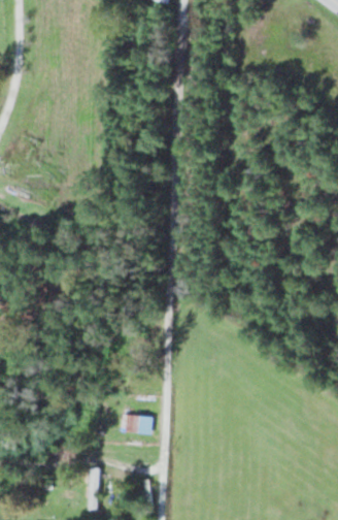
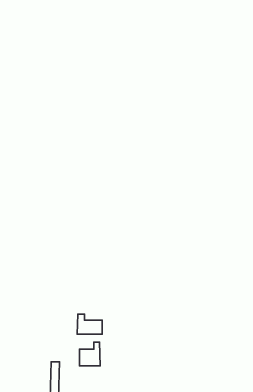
building: none -> [80,342,100,366]

